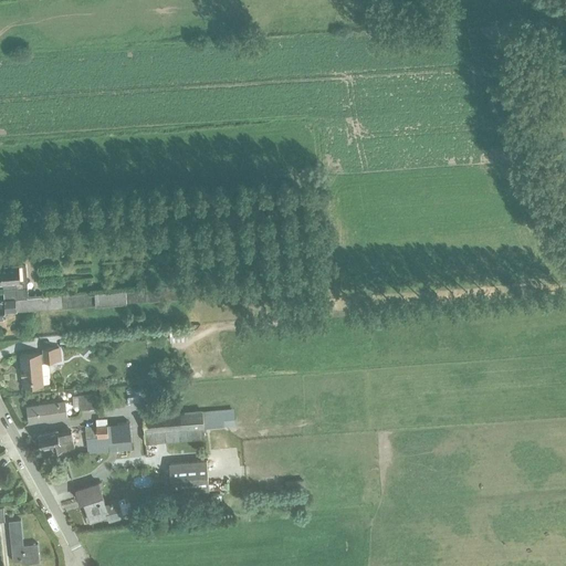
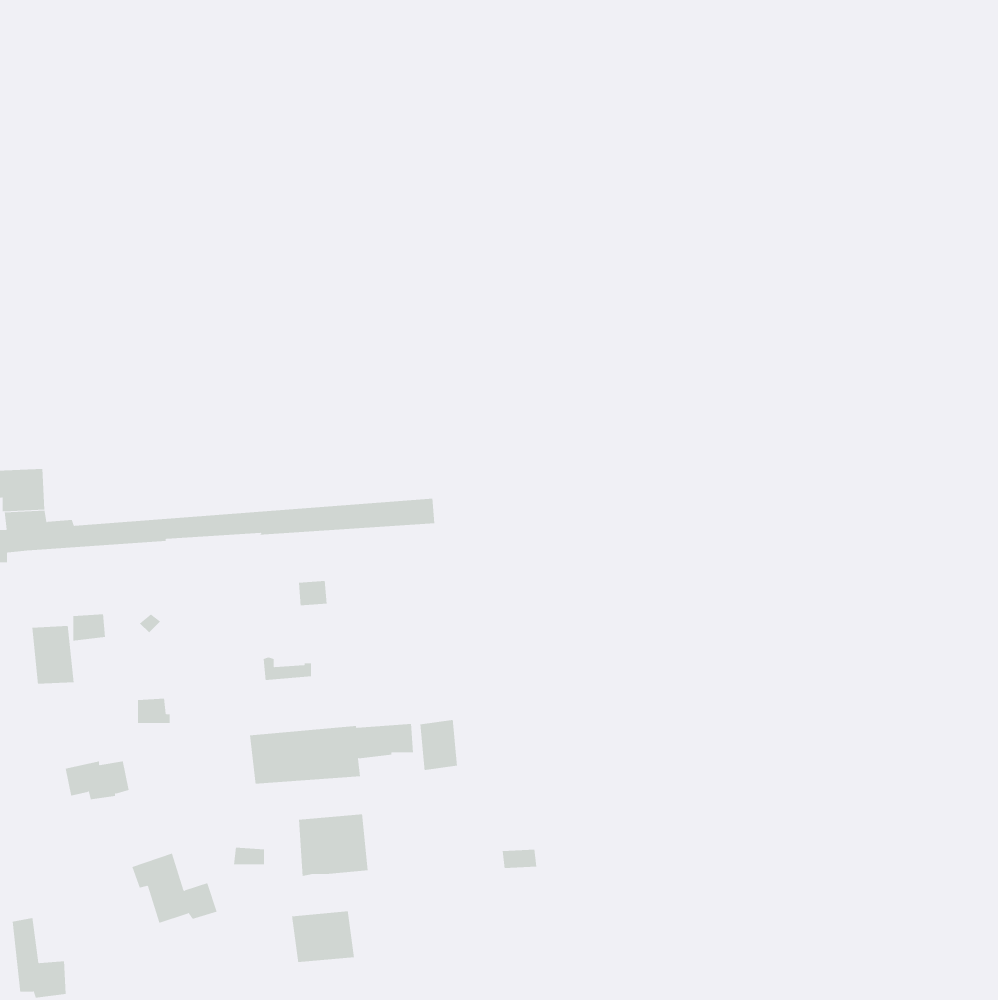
building: [24,400,66,423] -> none
building: none -> [420,719,457,771]
building: [83,418,130,453] -> none
building: none -> [292,911,354,963]

